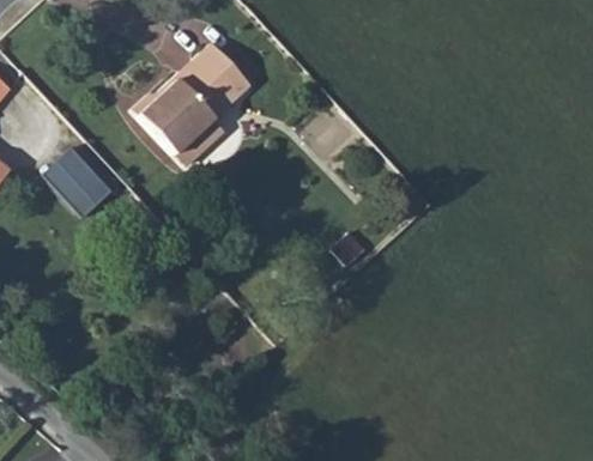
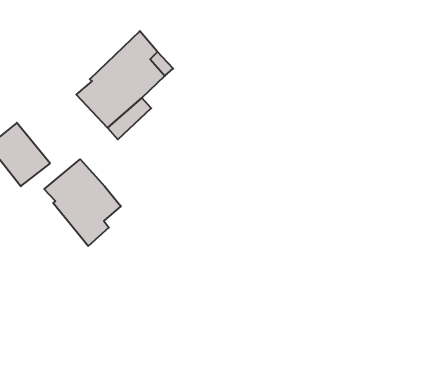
building: none -> [44,159,121,246]

